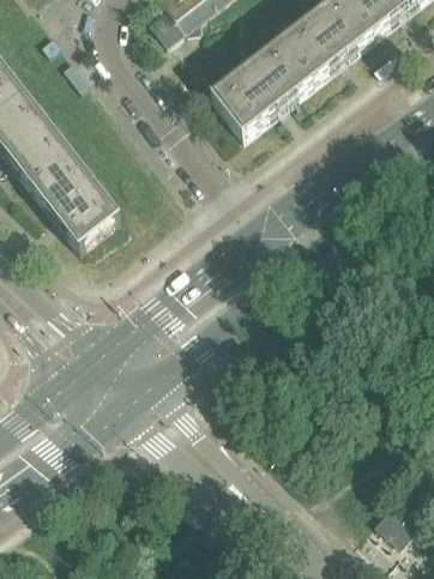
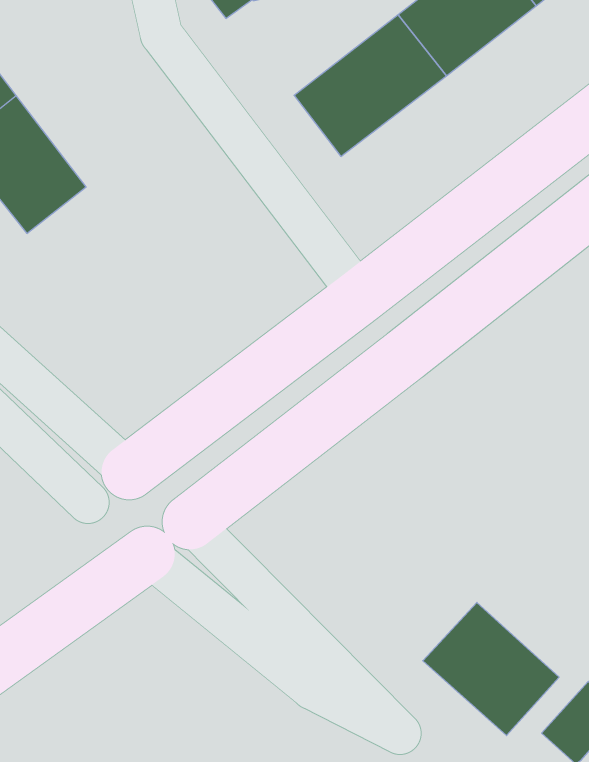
building: [32,152,120,245] -> none
building: none -> [423,602,559,736]

